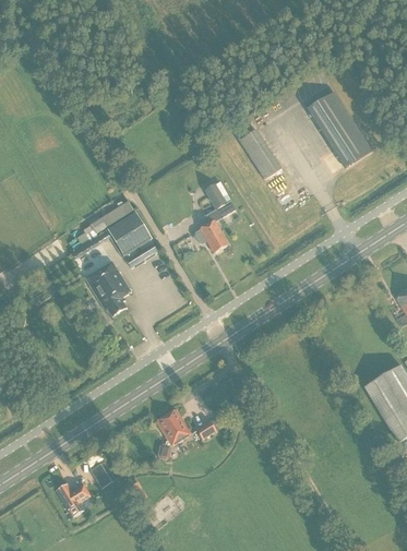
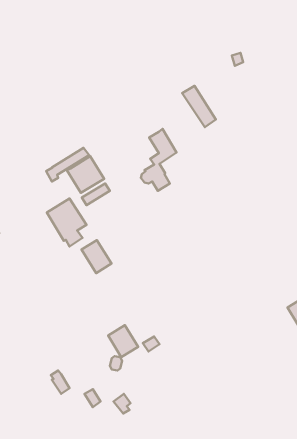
building: [307,92,370,167] -> none
building: none -> [82,240,111,273]
building: [56,483,89,516] -> none

